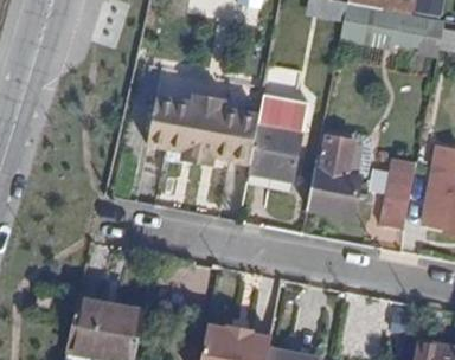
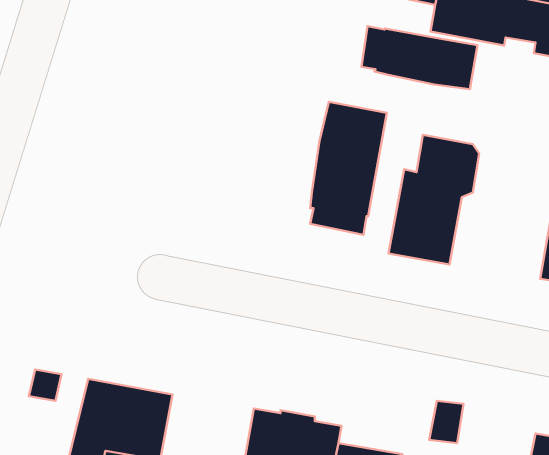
building: none -> [361,26,477,89]
building: [146,89,258,162] -> none
building: [380,158,417,229] -> none

